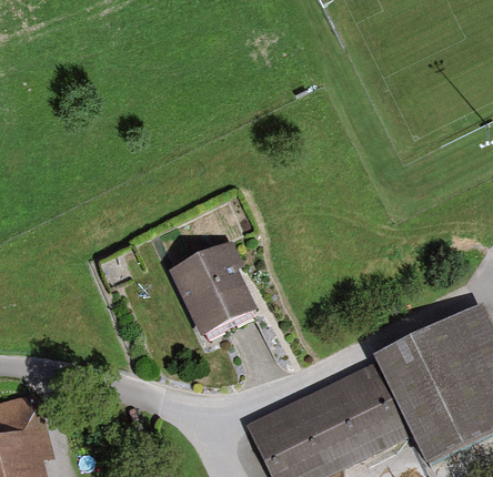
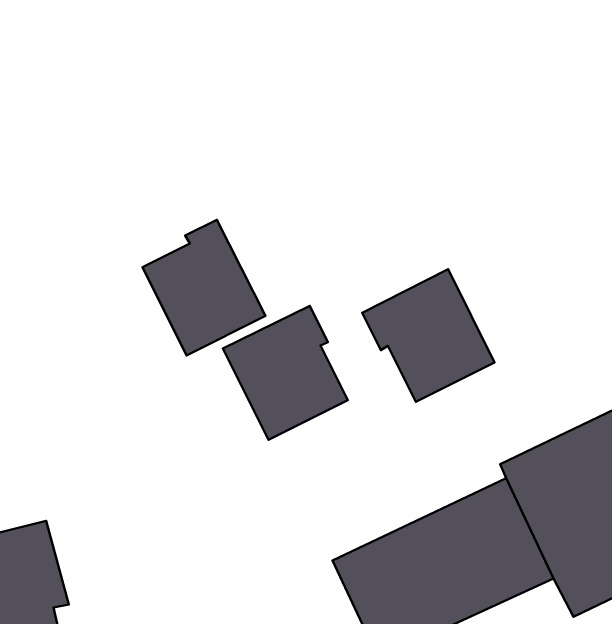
building: none -> [142,220,265,355]
building: none -> [362,269,495,402]

